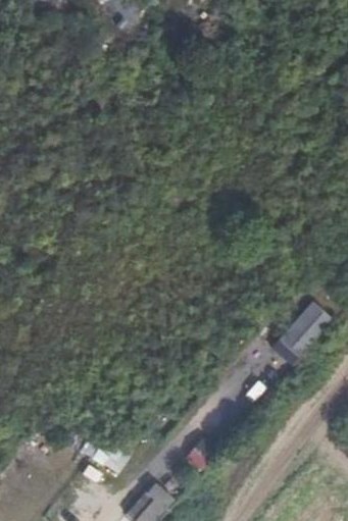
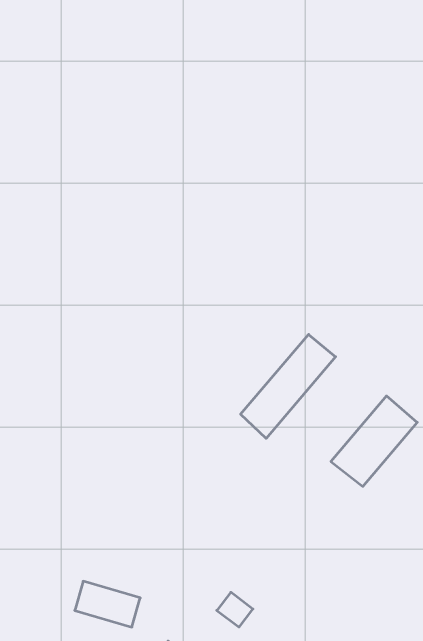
building: none -> [241,334,336,438]

